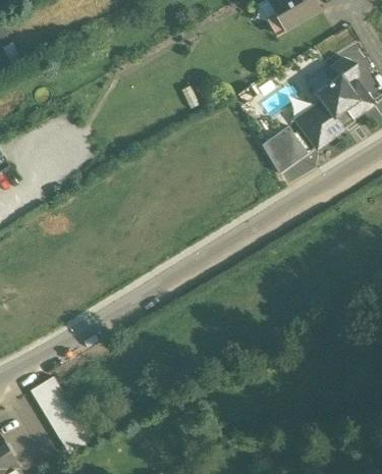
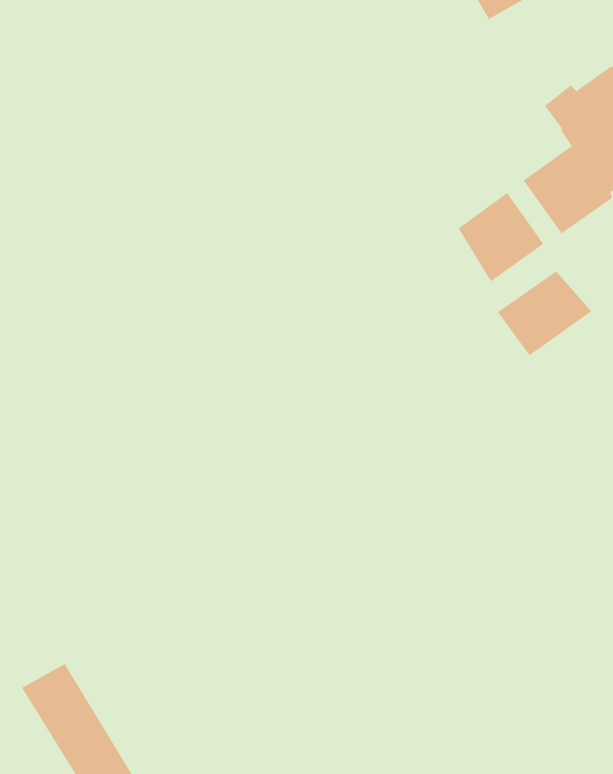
building: none -> [497,270,592,356]

